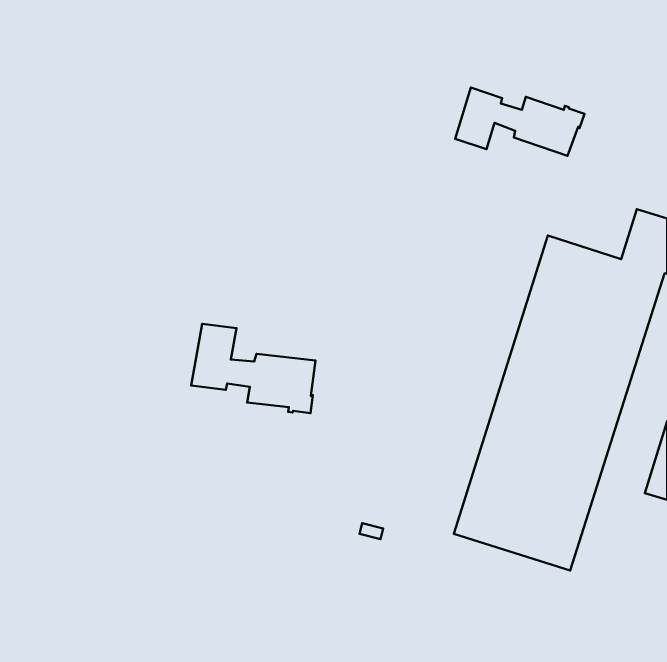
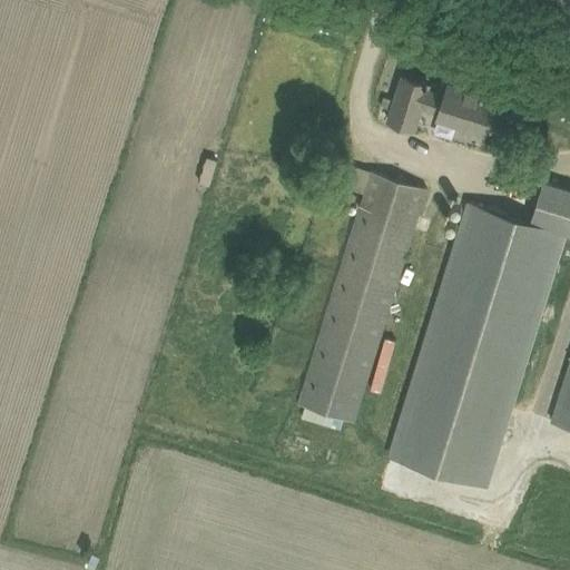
building: none -> [301,175,426,423]
building: [191,324,316,413] -> none

